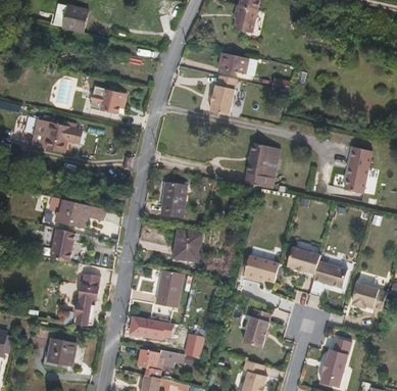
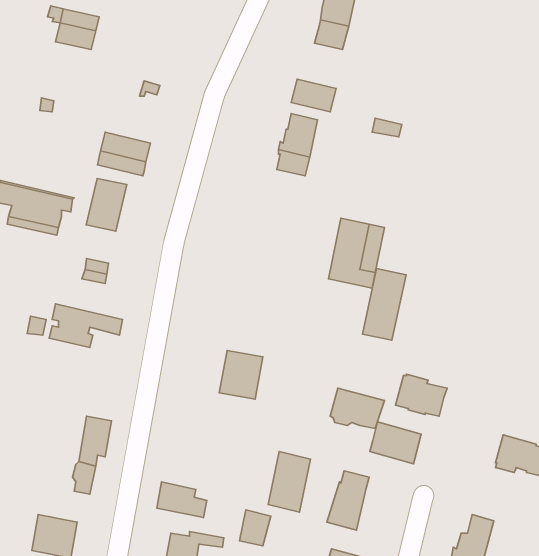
building: none -> [86,178,127,231]
building: [344,147,373,194] -> [362,268,406,340]
building: [159,181,187,216] -> none
building: [53,230,79,263] -> none
building: [313,260,347,288] -> [370,422,421,464]
building: [154,268,182,308] -> [268,451,310,512]

